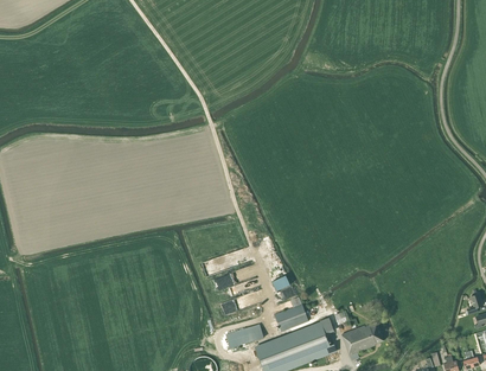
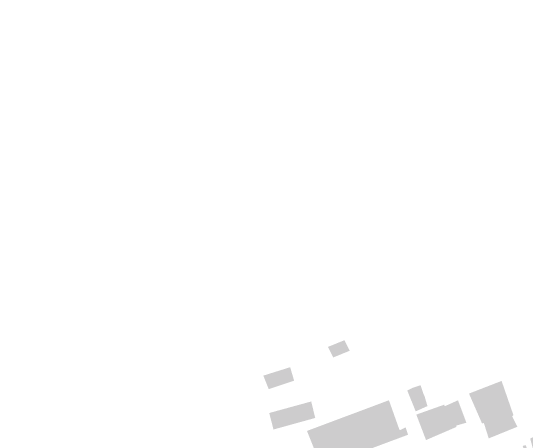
building: [275,303,308,331] -> none
building: none -> [468,380,519,439]

